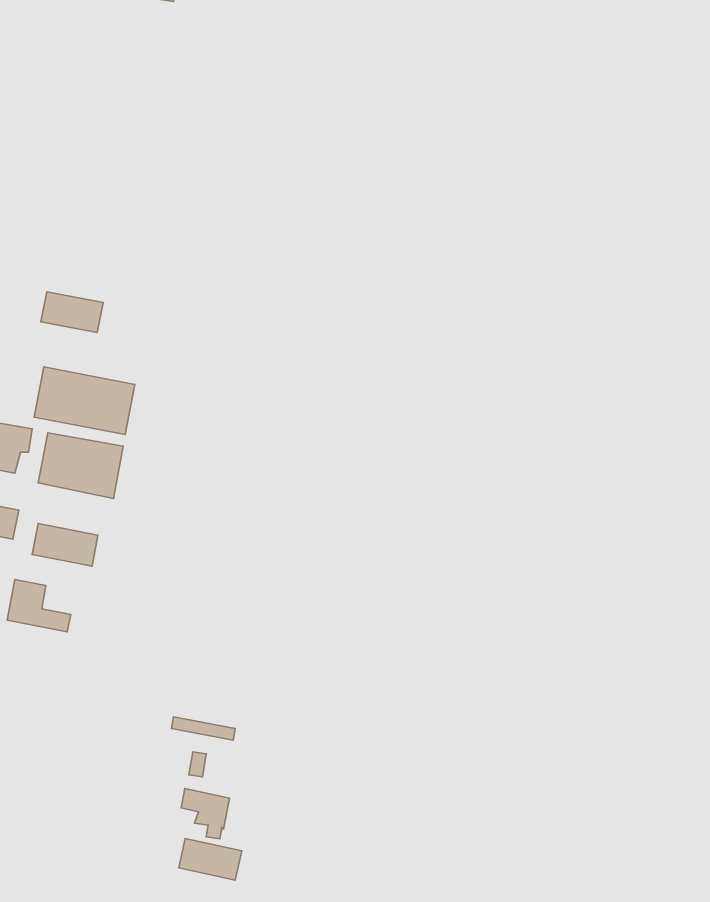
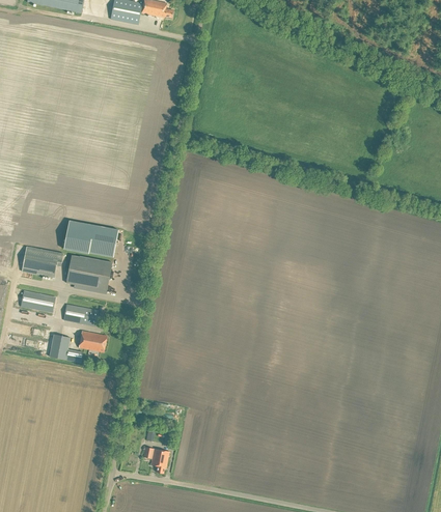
building: [41,292,103,333] -> none
building: none -> [78,330,106,350]
building: [179,839,242,880] -> none

